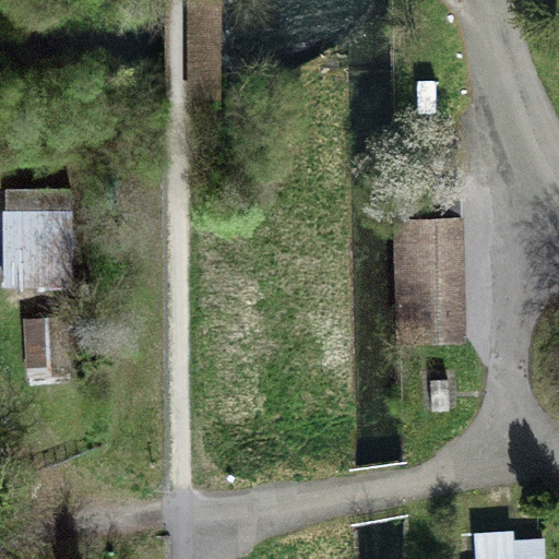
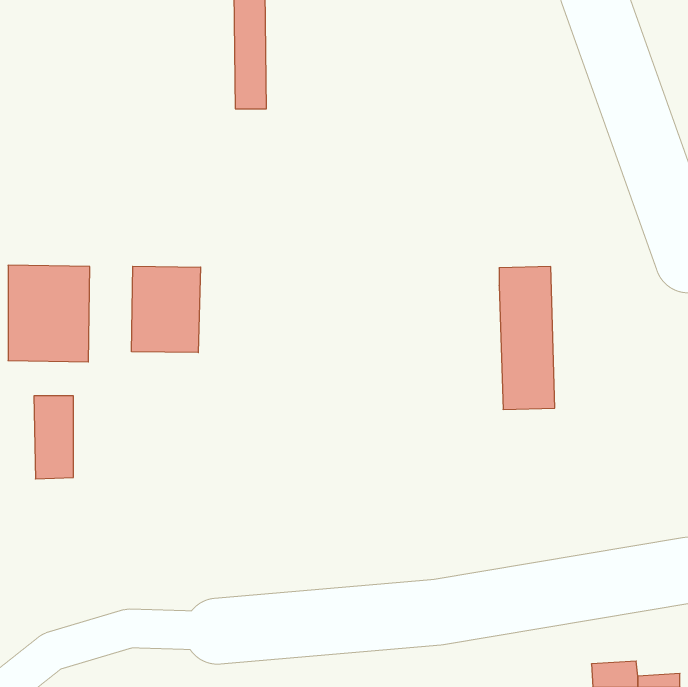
building: none -> [132,266,201,353]

